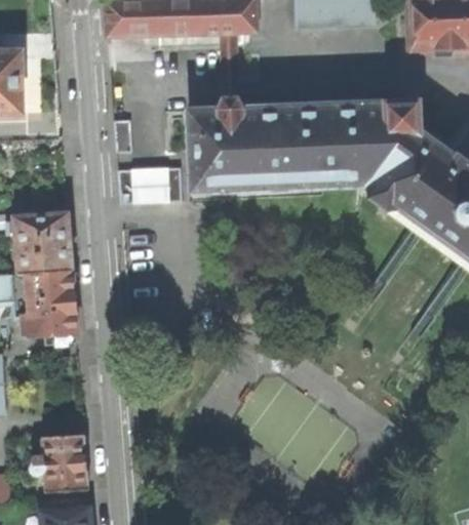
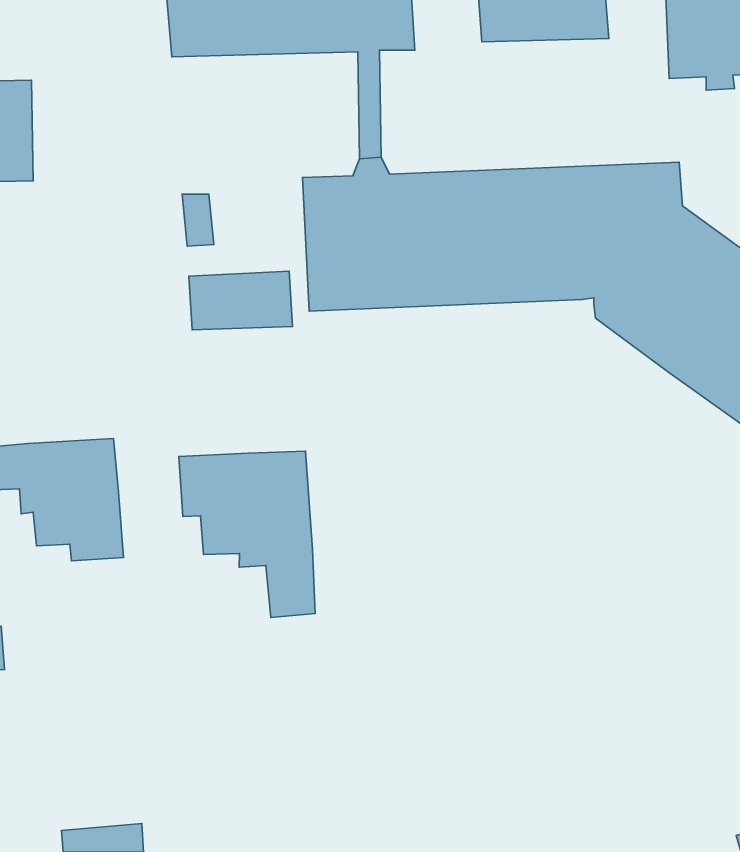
building: [15,212,72,272] -> none
building: none -> [179,451,315,617]
building: [32,433,89,491] -> none

